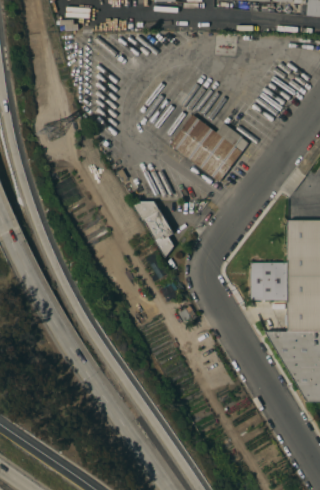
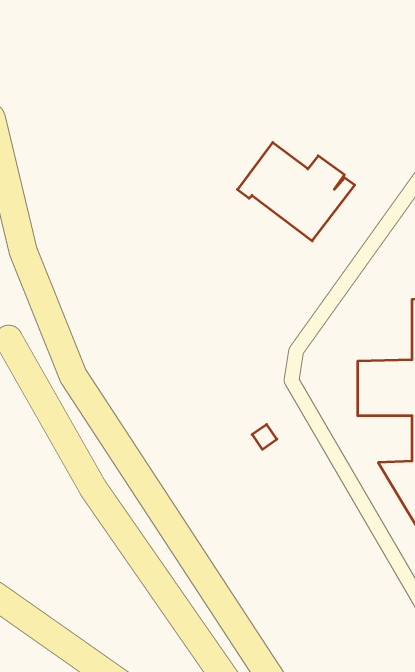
building: [132,201,173,257] -> none

